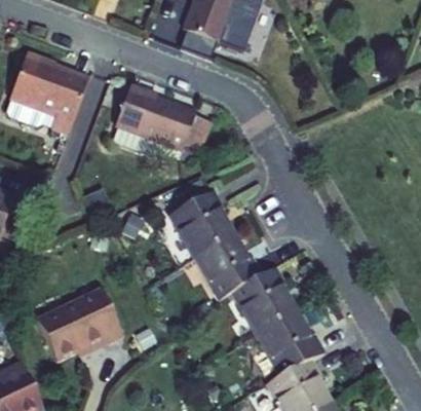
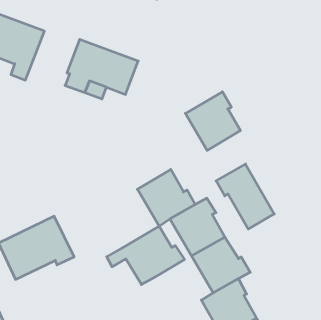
building: [170,191,233,258] -> [185,92,240,150]
building: none -> [216,164,274,229]
building: none -> [107,226,184,285]

